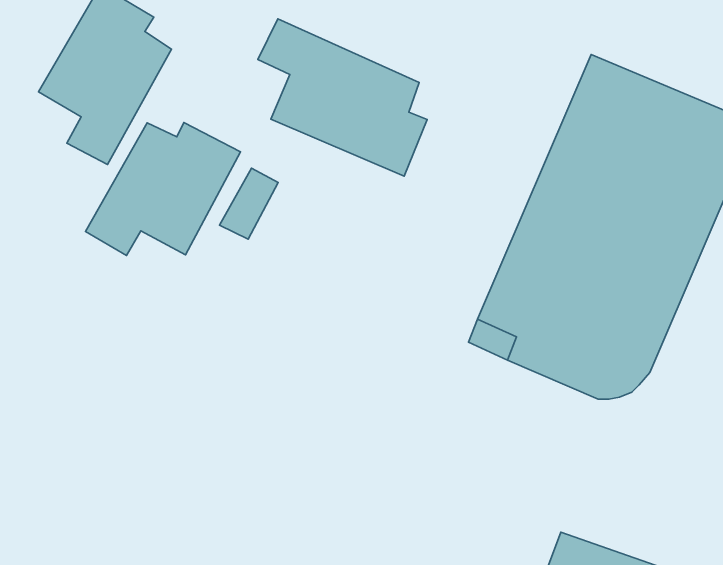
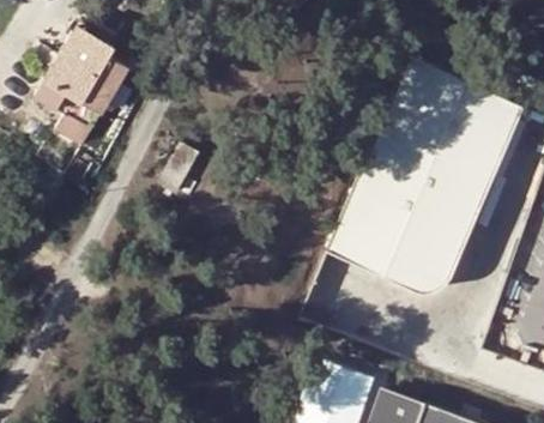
building: [258,19,427,176] -> none
building: [86,123,241,255] -> none

